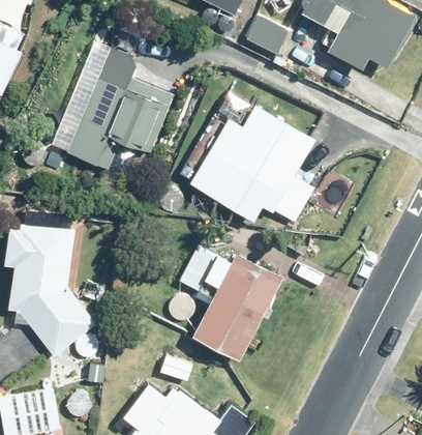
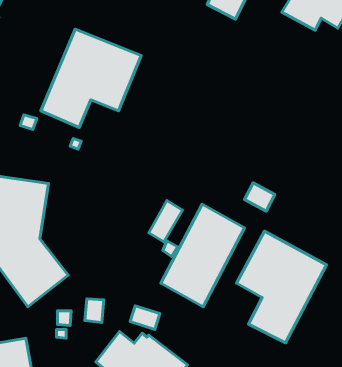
building: [191,104,315,222] -> none
building: none -> [236,231,326,343]

